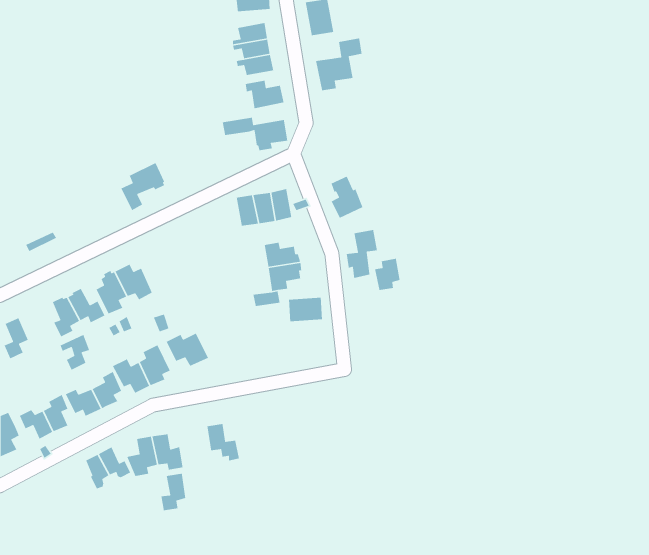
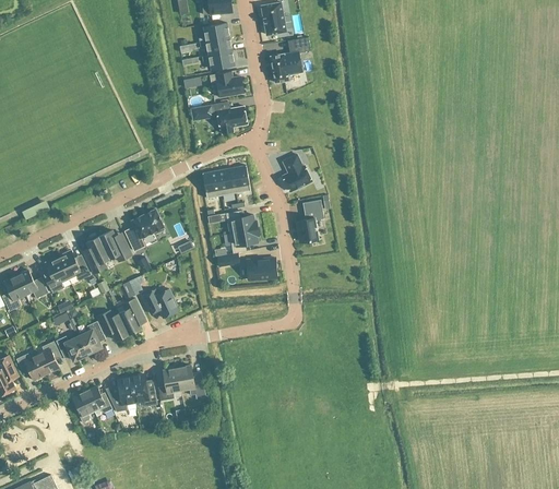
building: [120,161,165,211] -> [124,208,163,251]
building: [374,258,401,291] -> none
building: none -> [16,270,48,298]
building: [161,473,186,511] -> [158,368,180,401]

